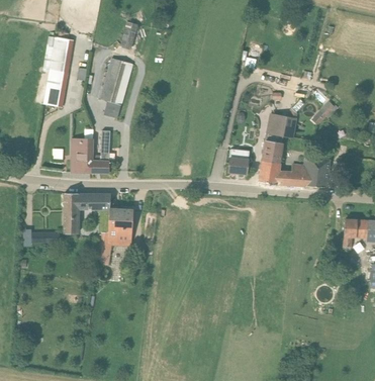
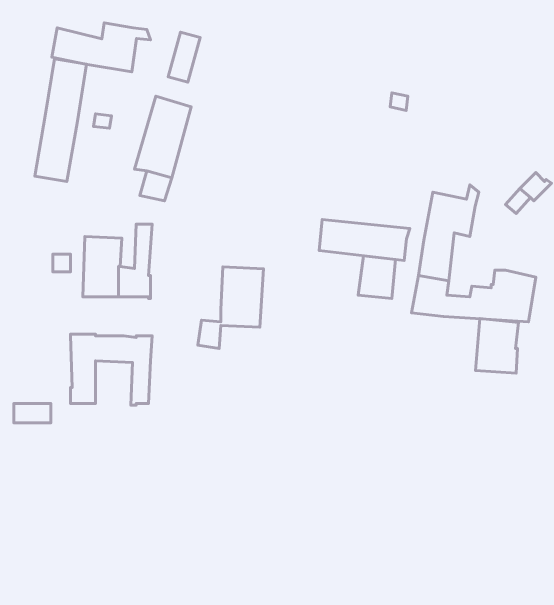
building: none -> [52,23,150,72]
building: none -> [319,219,410,261]
building: none -> [475,319,519,373]
building: [95,208,132,255] -> [198,267,264,349]

